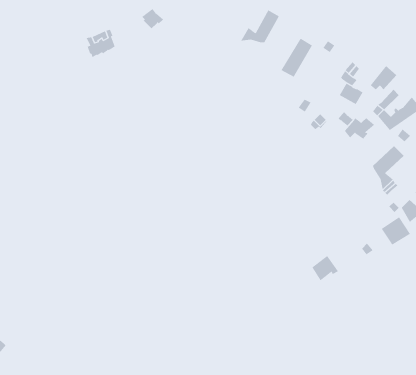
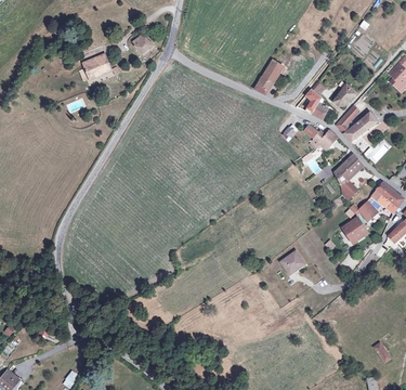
building: [240,9,279,43] -> none

